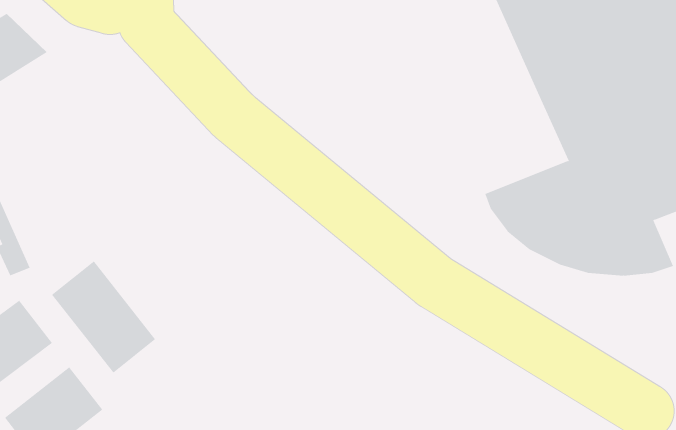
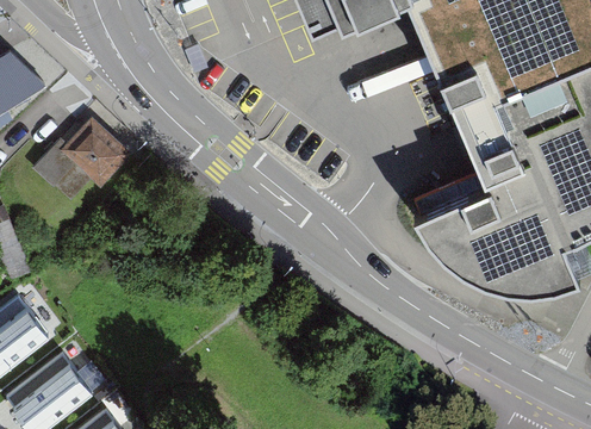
building: none -> [33,124,133,205]
building: [51,260,156,373] -> none

